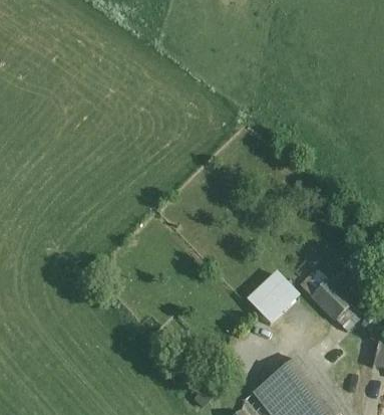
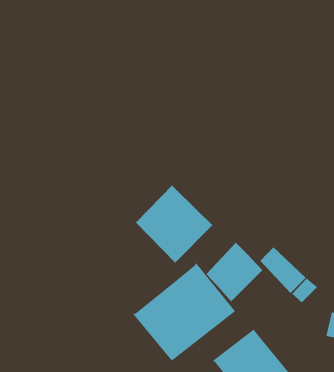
building: none -> [135,184,214,263]
building: none -> [132,263,236,362]

